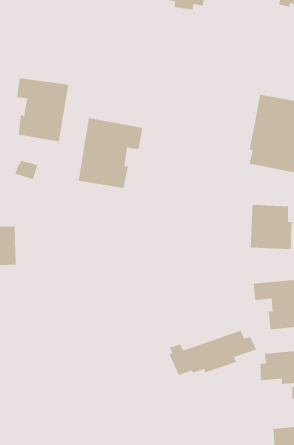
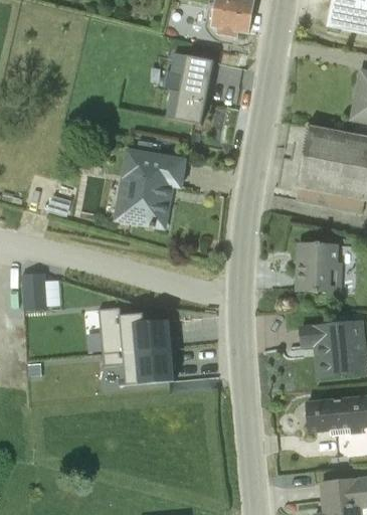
building: none -> [166,52,213,125]
building: [16,77,69,142] -> none
building: none -> [100,304,179,386]
building: [169,330,257,376] -> none

